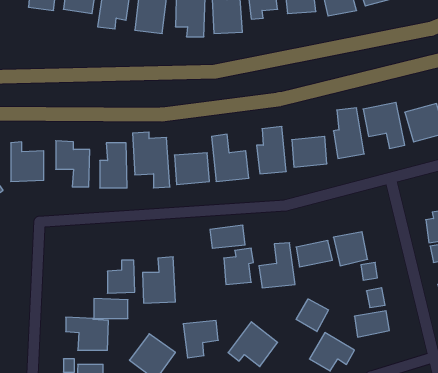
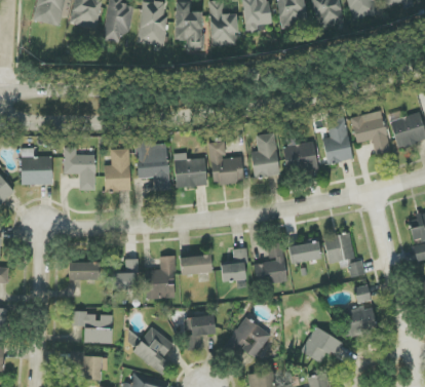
building: [210,225,245,248] -> [180,254,212,275]
building: [94,299,128,318] -> [69,262,101,280]
building: [296,299,328,332] -> none

